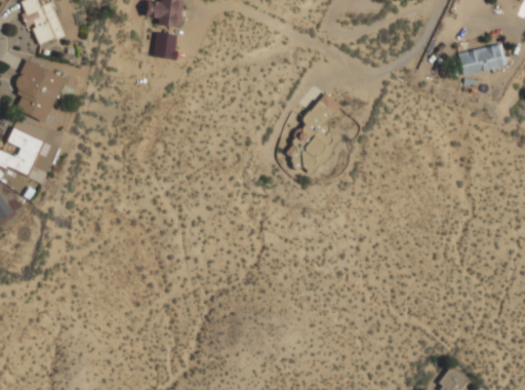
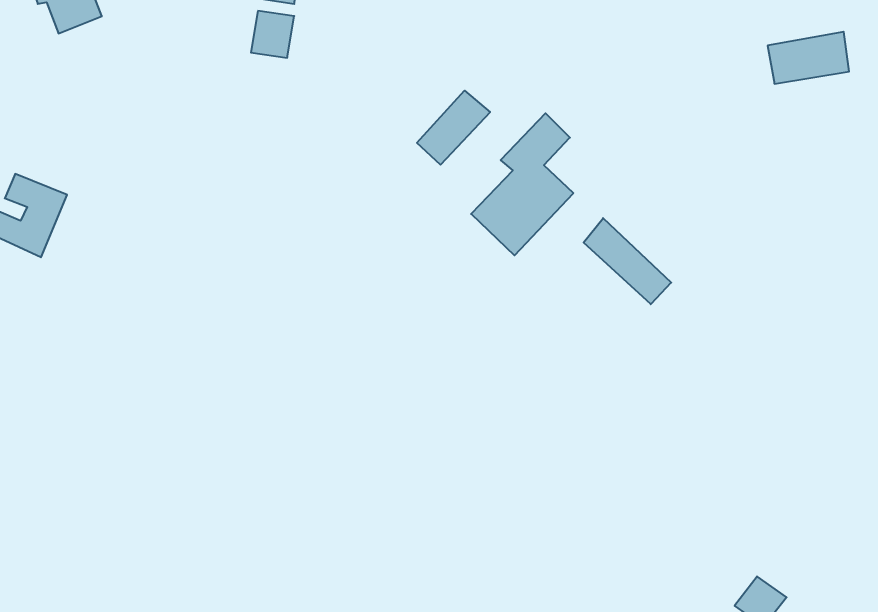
building: [12,60,66,122] -> none
building: none -> [417,91,490,165]
building: none -> [584,218,671,304]

